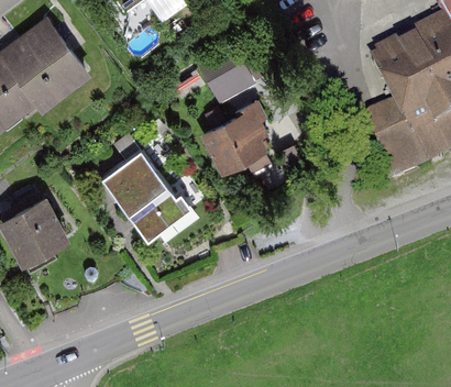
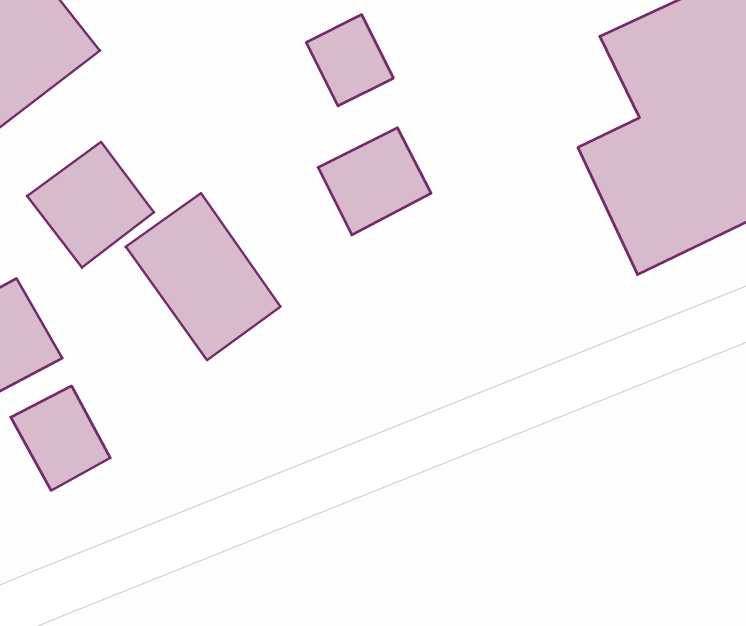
building: none -> [27,142,154,268]
building: none -> [11,386,110,490]

